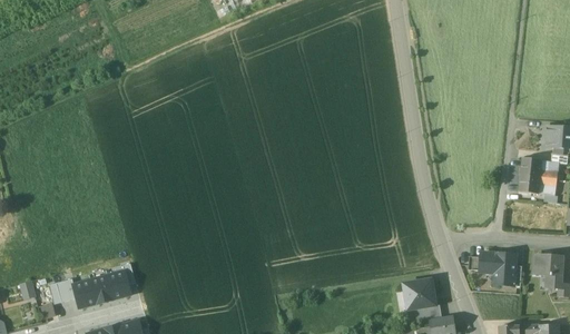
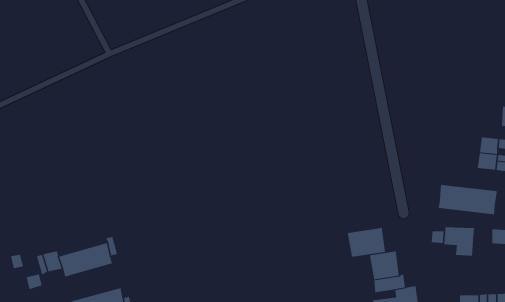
building: none -> [438,184,498,215]
building: none -> [347,227,386,258]

